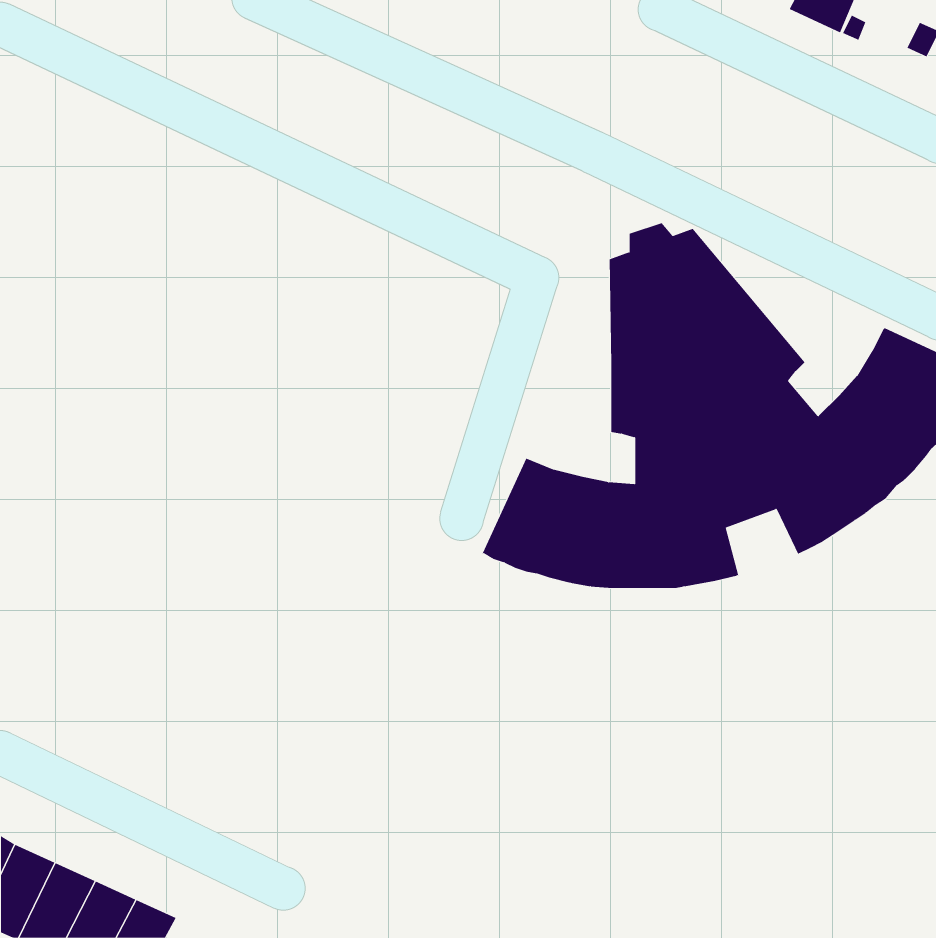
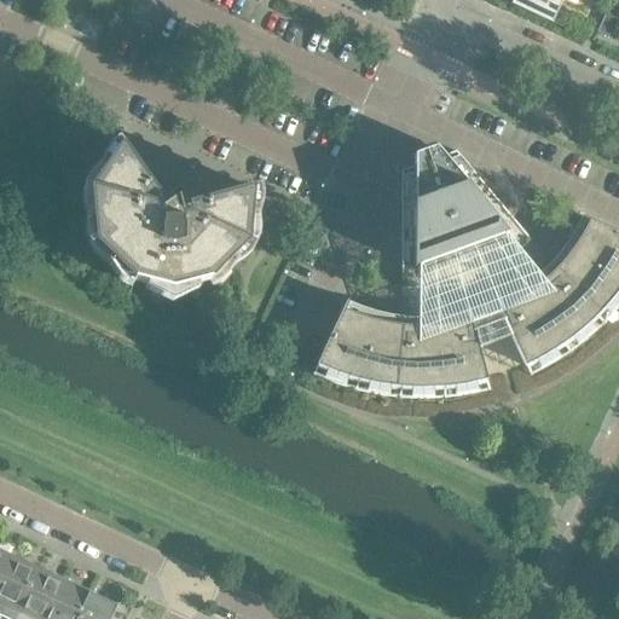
building: none -> [87,144,259,300]

